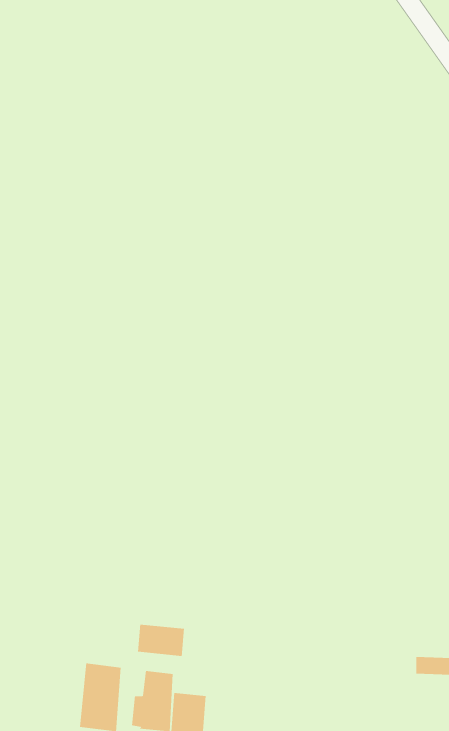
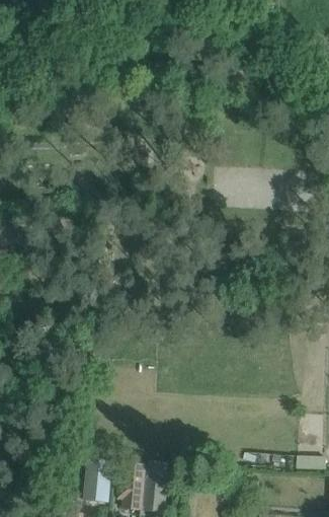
building: [138,624,184,657] -> none

